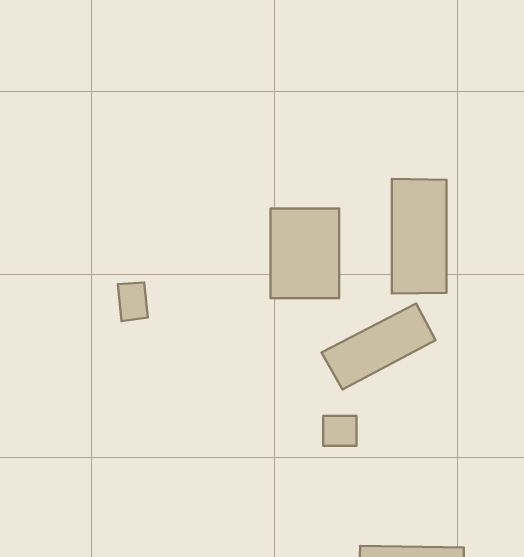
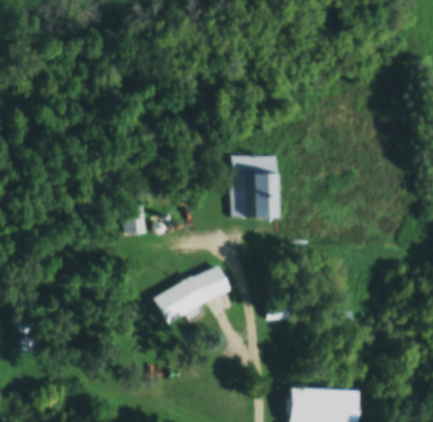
building: [392,179,447,294] -> none
building: [321,303,436,390] -> [151,265,230,324]

